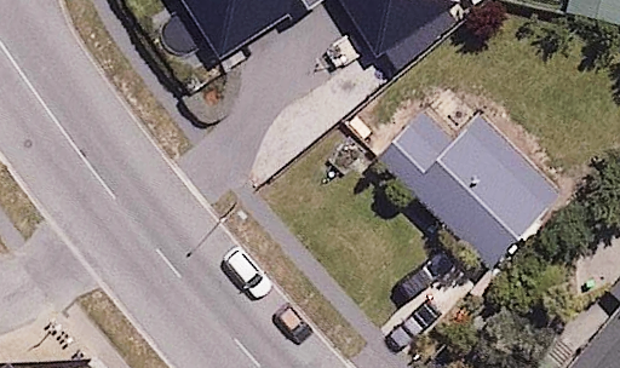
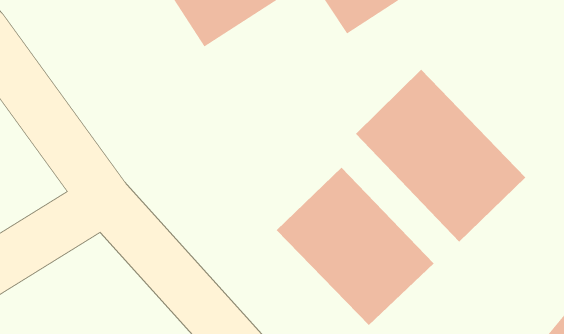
building: none -> [276,167,434,326]

